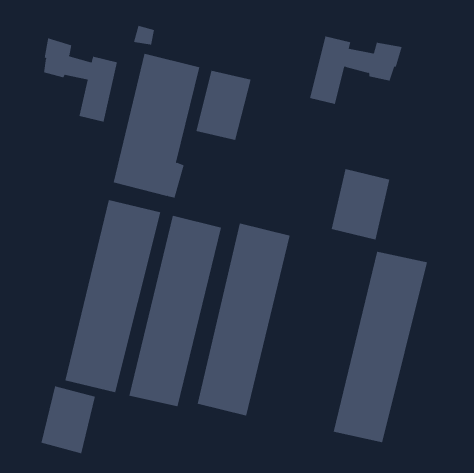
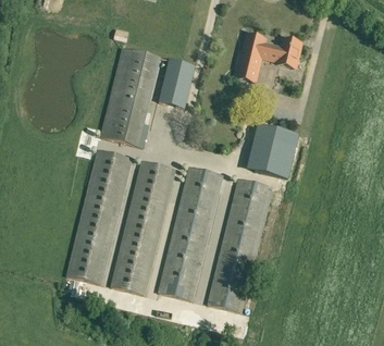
building: [43,38,117,123] -> none
building: [333,251,428,443] -> [209,178,275,312]
building: [41,385,96,454] -> none

